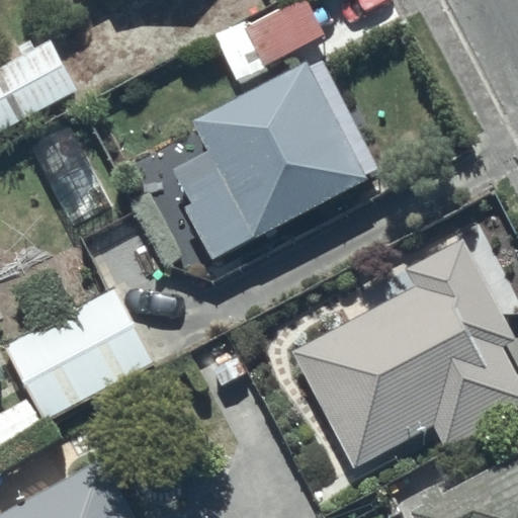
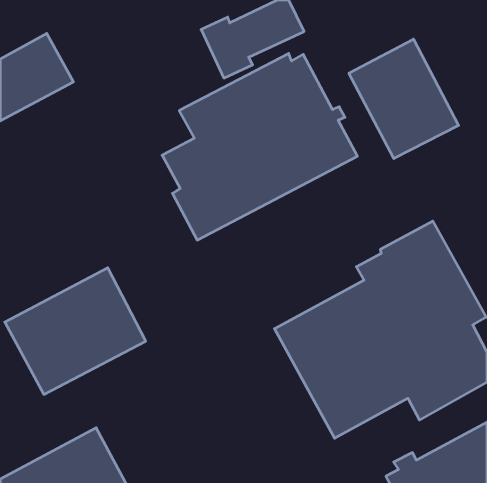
building: none -> [349,39,459,159]

